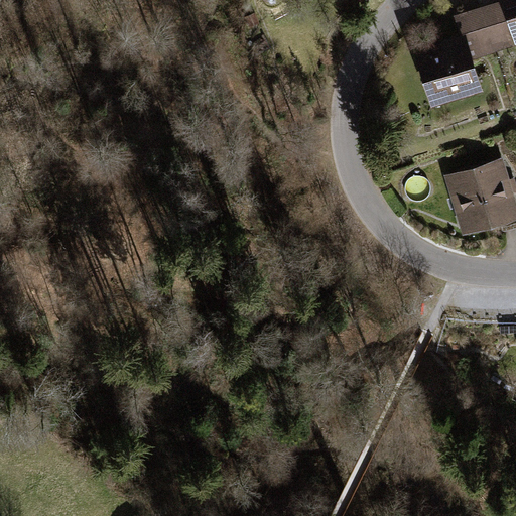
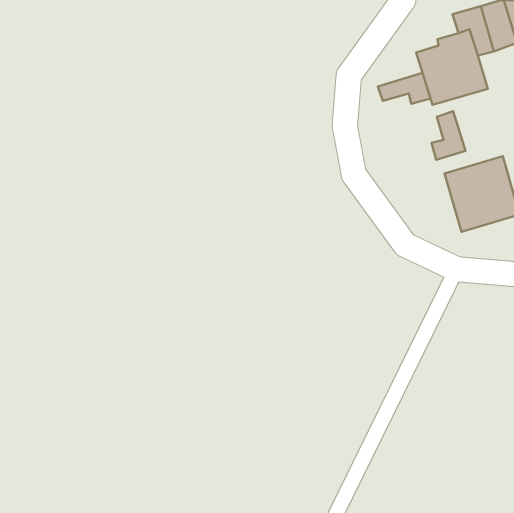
building: none -> [378,73,430,104]
building: none -> [432,111,465,160]

